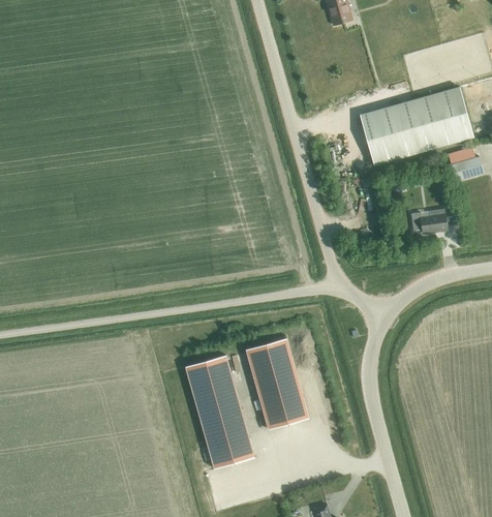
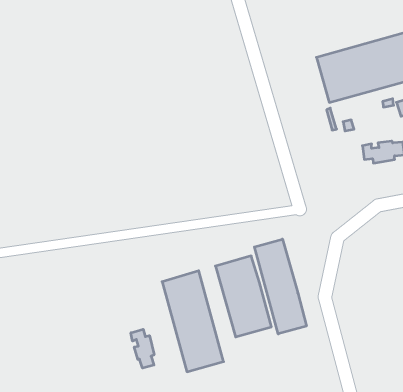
building: none -> [254,239,306,334]
building: none -> [131,329,154,368]

